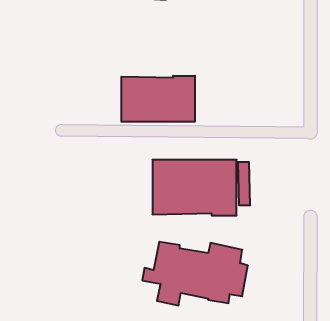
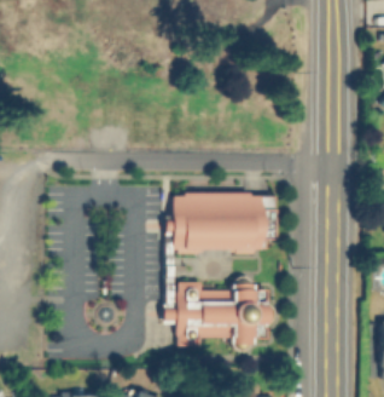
building: [121,76,195,122] -> none

